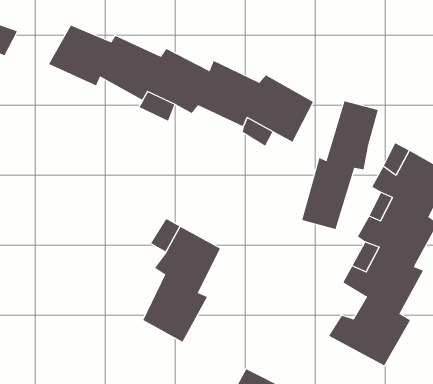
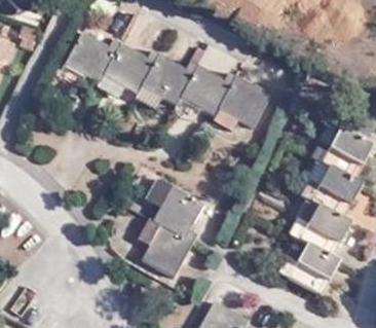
building: [302,100,378,230] -> none

